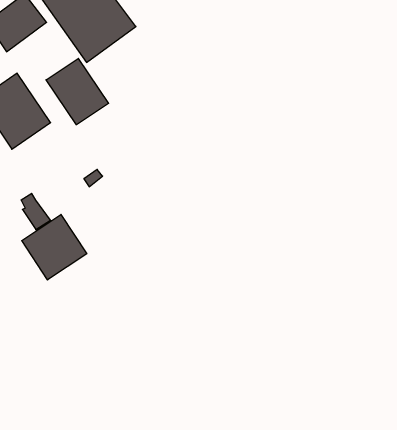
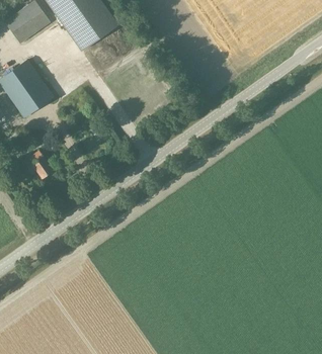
building: [46,58,109,125] -> none
building: [22,214,87,280] -> none

